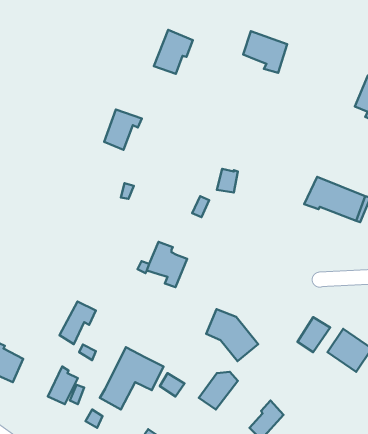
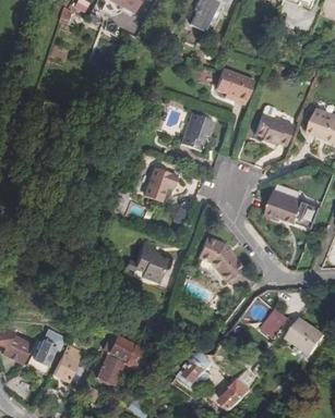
building: [154,30,193,74] -> [180,112,213,149]
building: none -> [254,106,292,144]
building: [104,109,142,150] -> [143,167,175,200]
building: [59,301,96,344] -> [32,330,62,366]
building: [206,309,258,361] -> [199,237,242,281]

